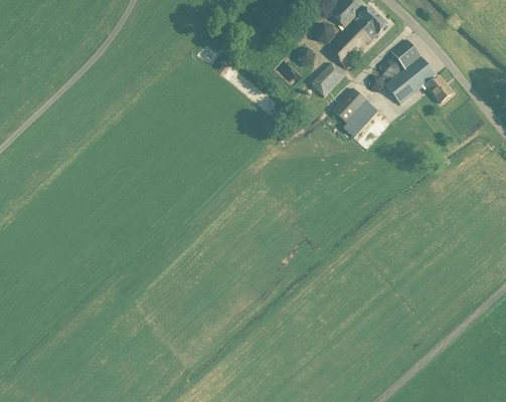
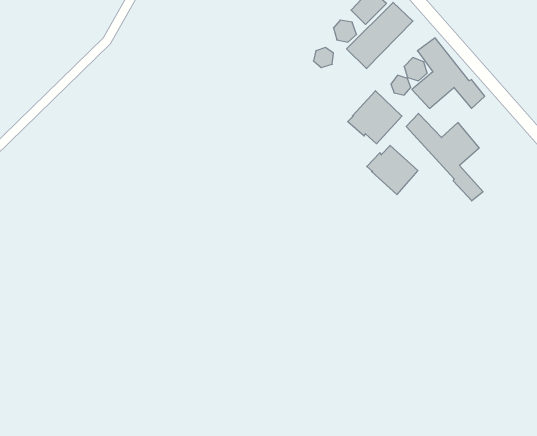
building: [311,62,345,96] -> none
building: none -> [406,113,483,201]
building: none -> [367,145,418,195]

